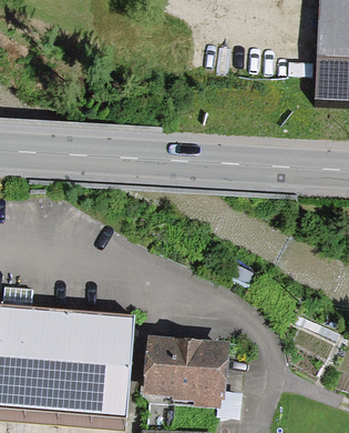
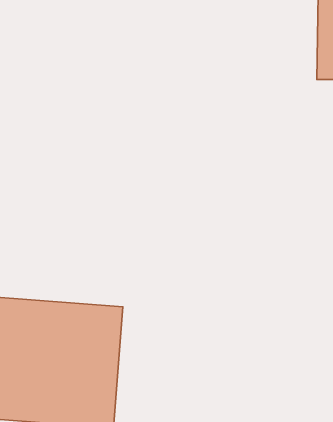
building: [152,339,236,405] -> none

